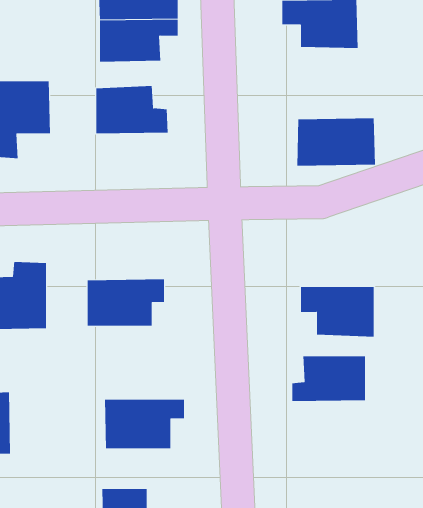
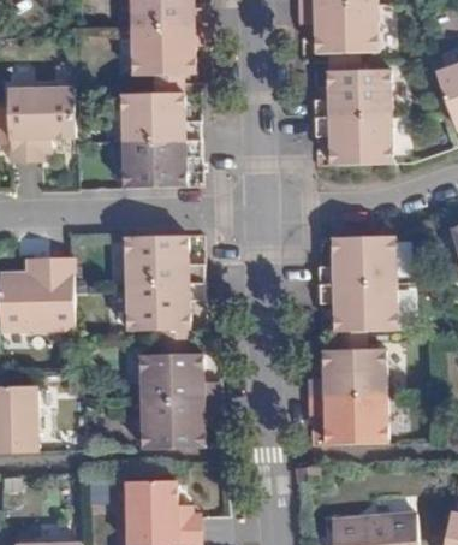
building: none -> [319,75,393,123]
building: none -> [123,136,194,185]
building: none -> [113,231,190,279]
building: none -> [320,237,393,285]
building: none -> [131,348,209,395]
building: none -> [313,396,386,442]

